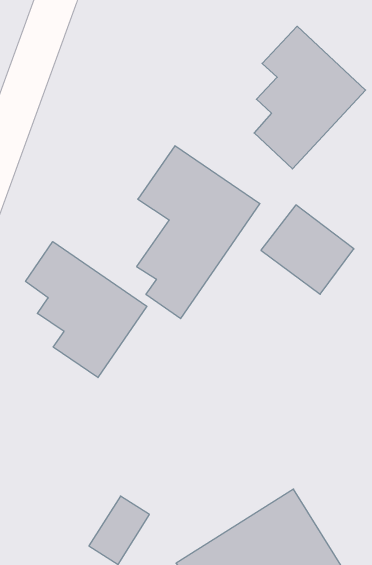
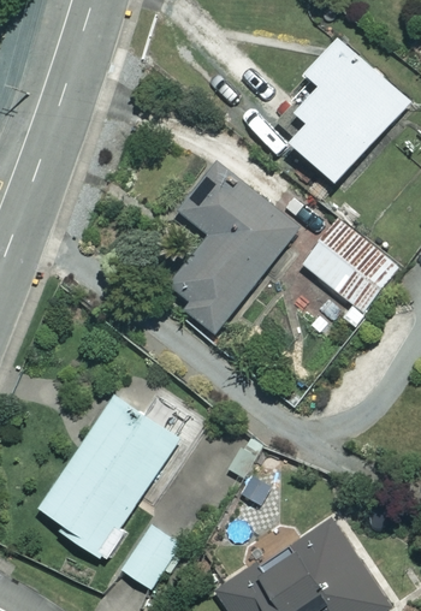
building: [26,242,147,378] -> none
building: none -> [37,393,179,558]

